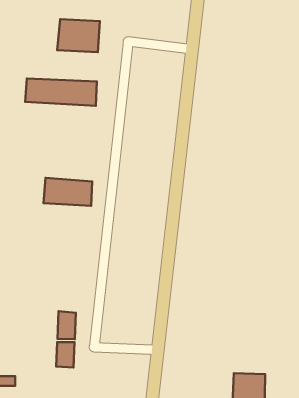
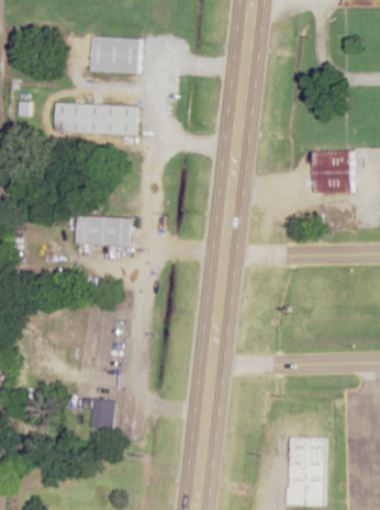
building: none -> [312,150,353,195]
building: [57,311,76,339] -> none

